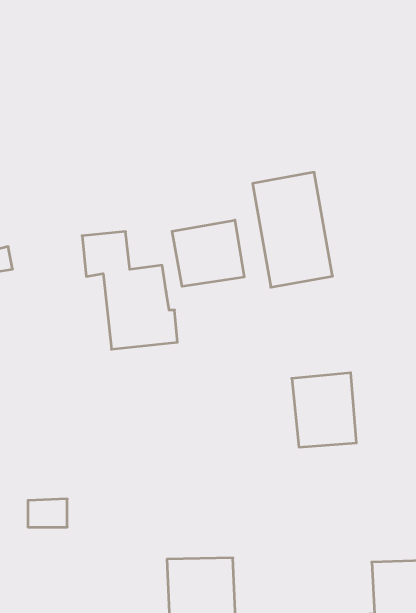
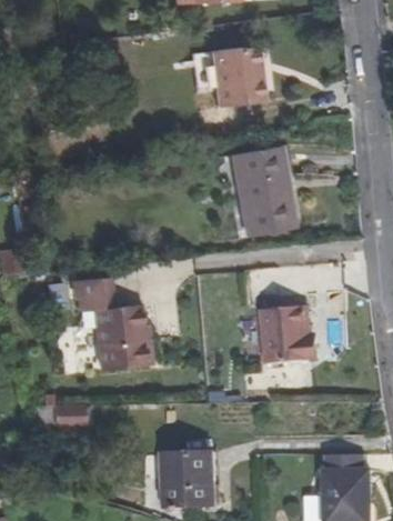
building: none -> [209,46,263,107]
building: [172,220,244,286] -> none
building: [82,232,177,349] -> [75,278,151,371]

